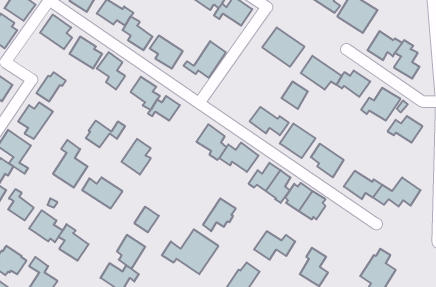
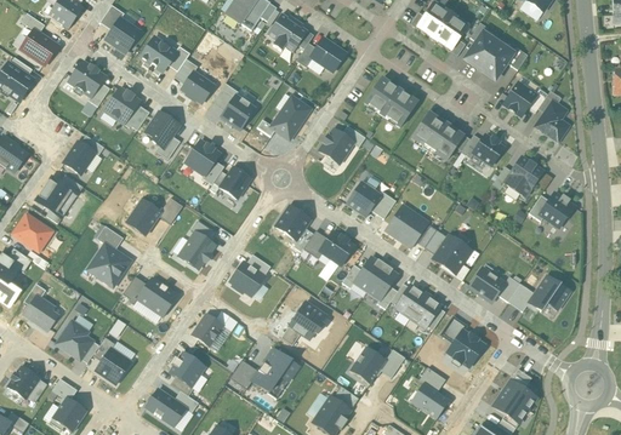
building: [281,82,308,109] -> [318,131,353,167]
building: none -> [229,254,272,298]
building: none -> [441,316,486,368]

